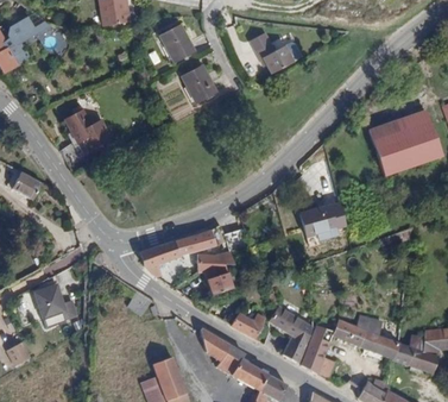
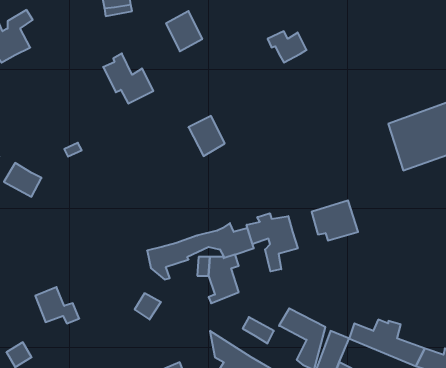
building: [181,65,215,103] -> [188,116,225,156]
building: [64,106,112,153] -> [103,53,153,104]
building: none -> [247,213,298,271]

